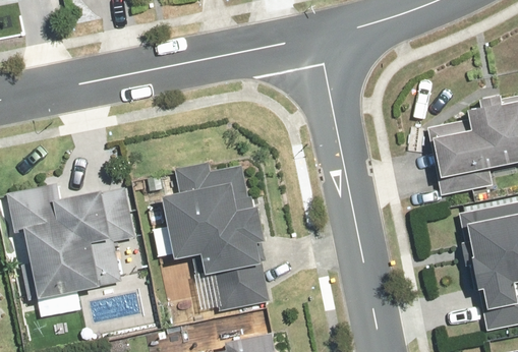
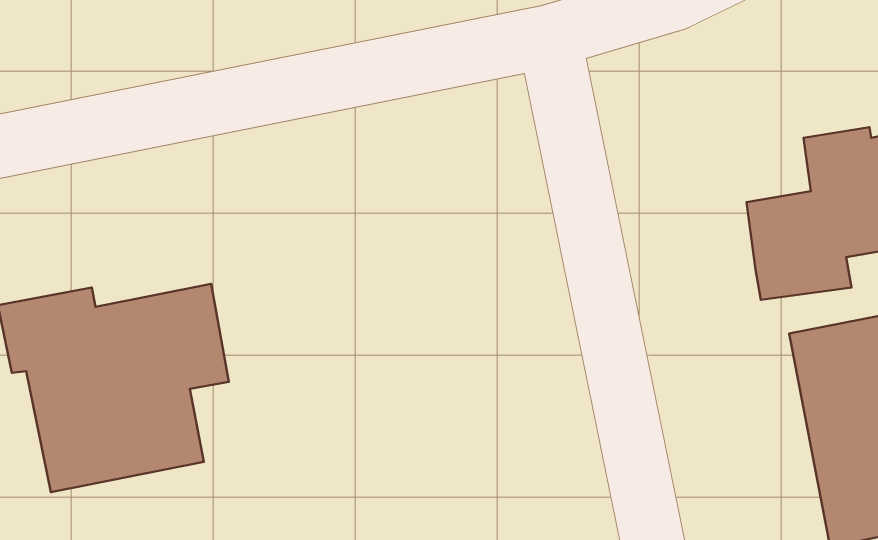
building: [156,165,268,312] -> none

